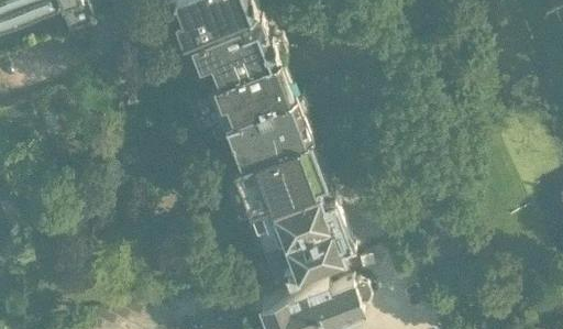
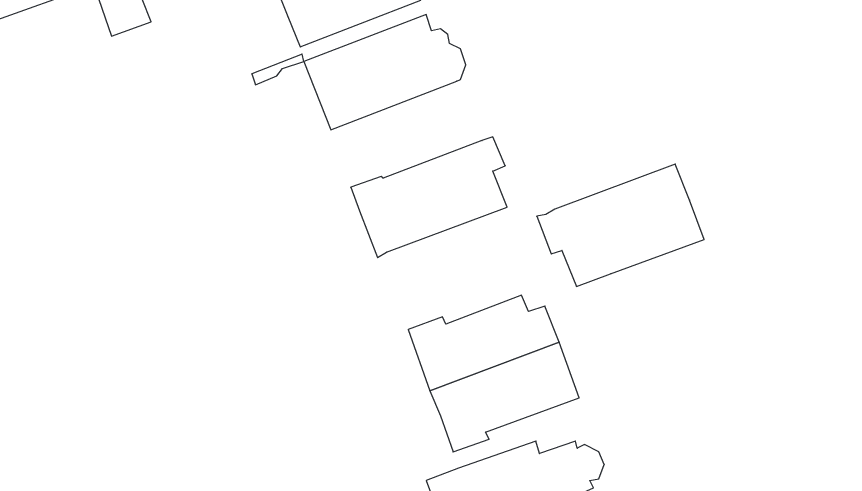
building: [186,67,297,140] -> none
building: [228,144,330,219] -> [537,164,704,286]

